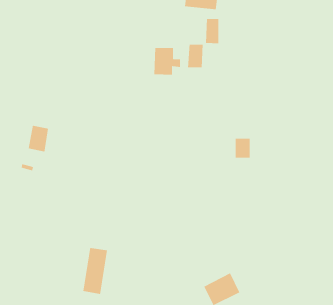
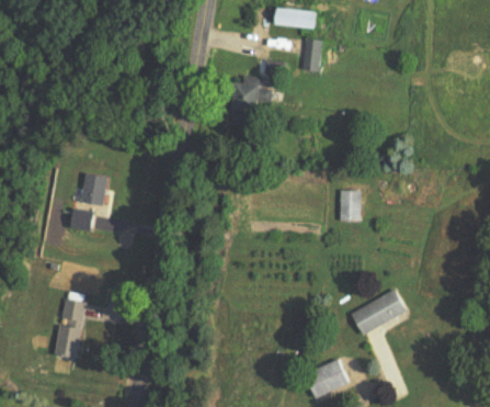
building: [188,44,203,68] -> none
building: none -> [351,289,408,337]
building: [82,247,108,295] -> [54,299,86,359]

